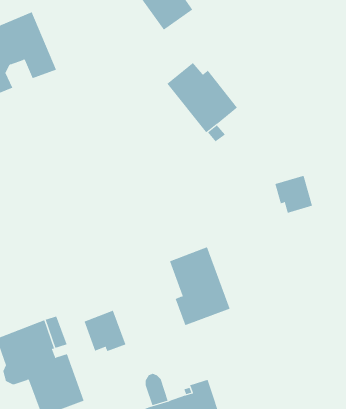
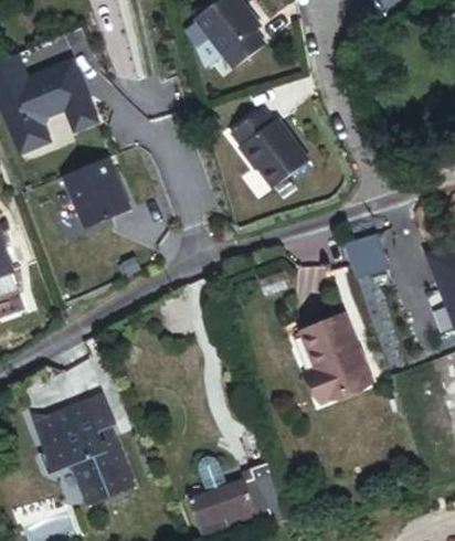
building: none -> [64,153,133,226]
building: [169,246,230,326] -> [296,316,364,404]
building: [84,310,126,352] -> none

